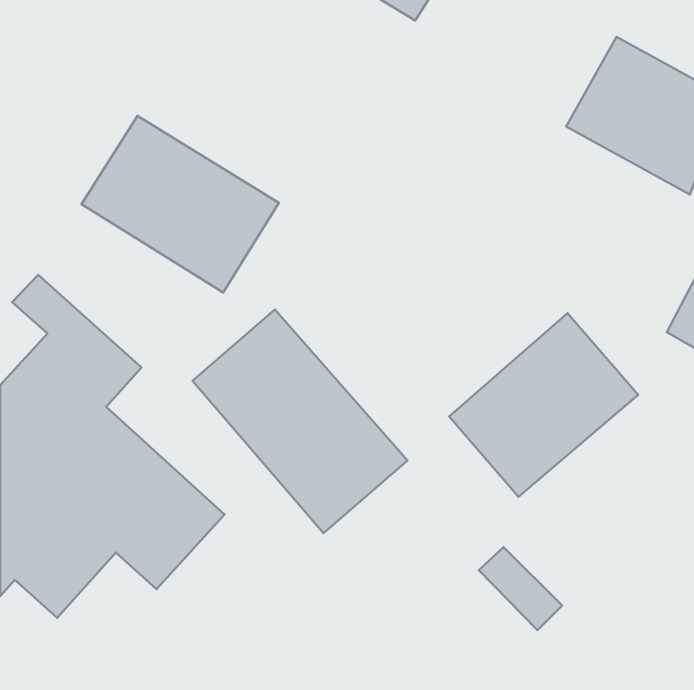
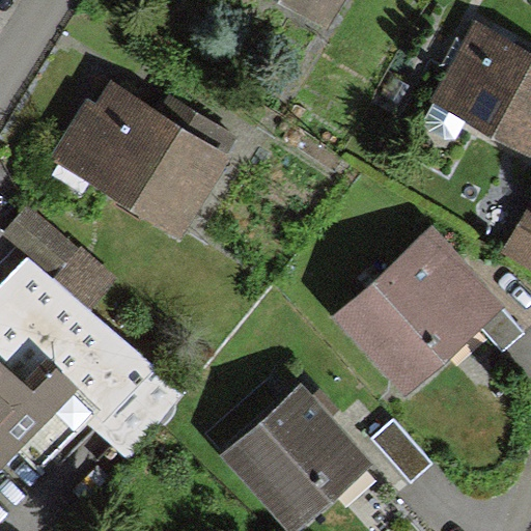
building: [192,309,407,533] -> none
building: none -> [227,394,356,522]

